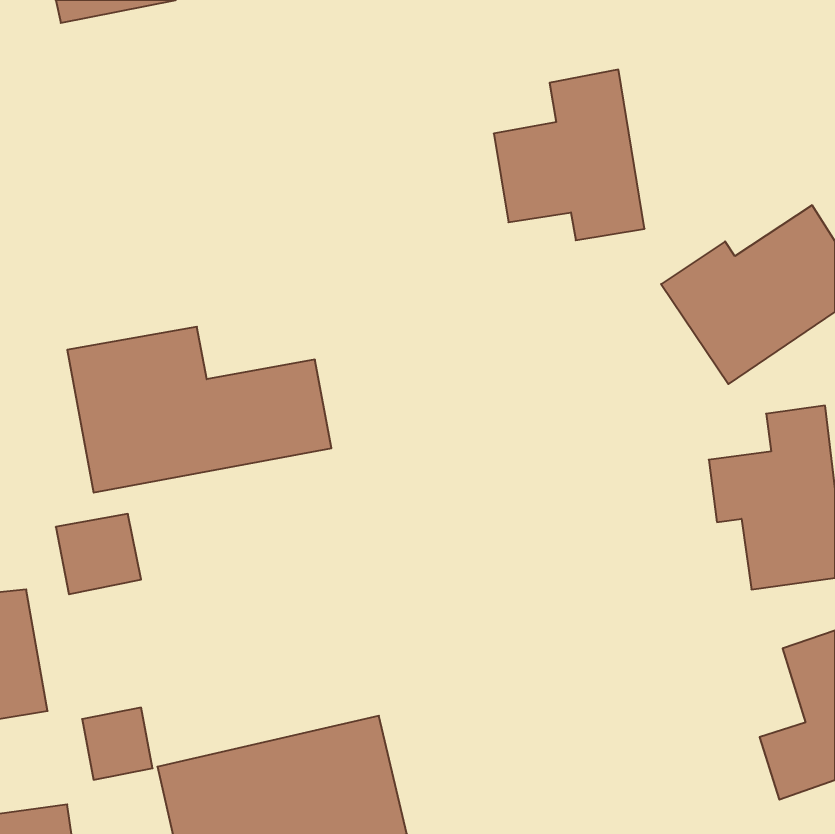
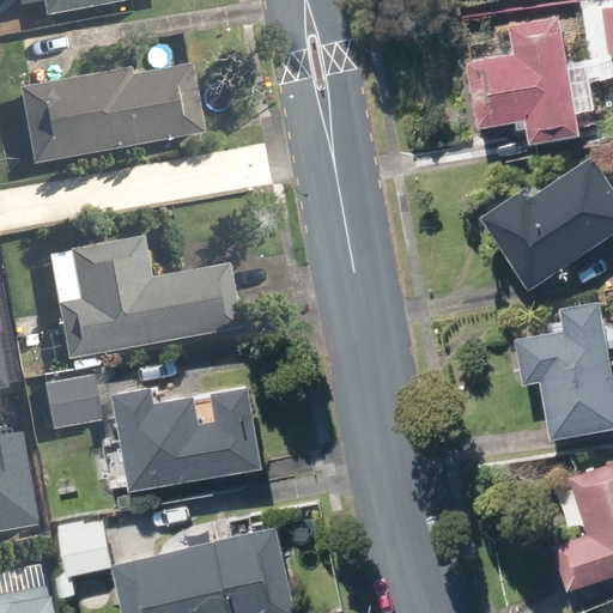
building: [494,70,645,240] -> [468,14,578,139]
building: none -> [17,65,205,169]
building: none -> [116,386,266,488]

